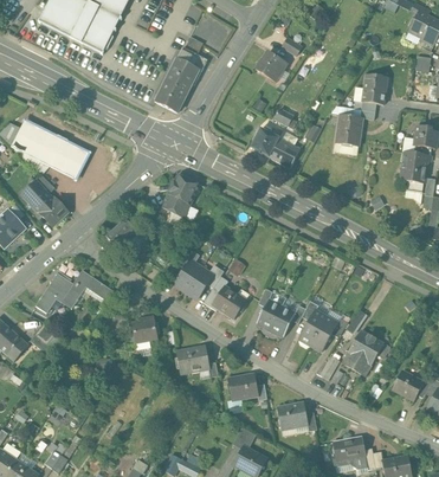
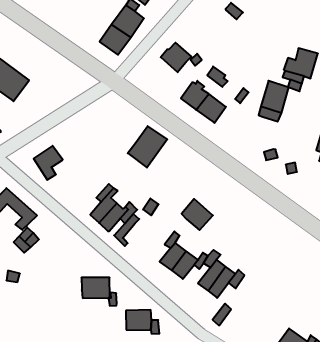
building: [256,51,288,82] -> [161,43,191,72]
building: [161,174,200,218] -> [128,126,167,168]
building: [213,285,246,317] -> [182,199,213,230]
building: [133,316,157,349] -> none
building: [342,329,385,375] -> none

